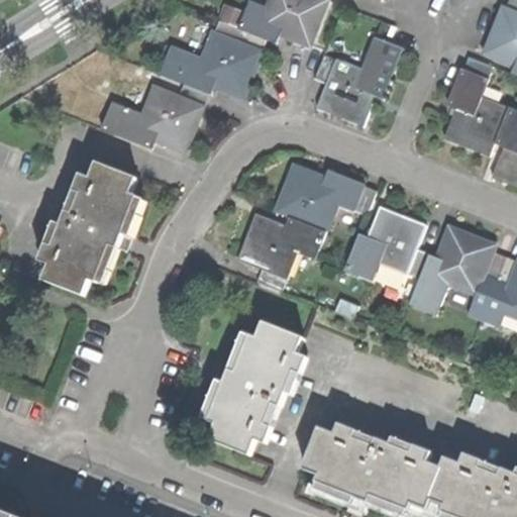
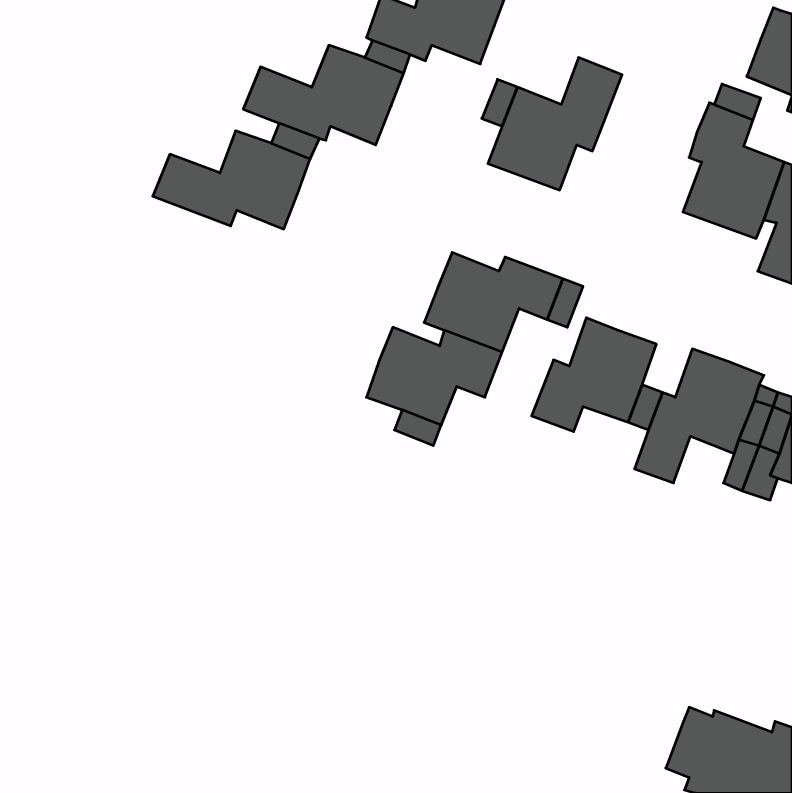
building: [44,162,140,295] -> none
building: [210,321,304,453] -> none
building: [305,428,442,509] -> none

